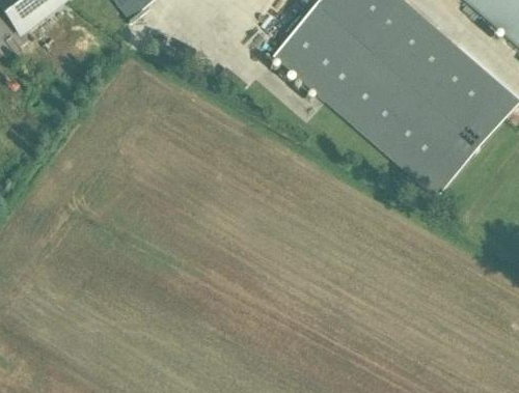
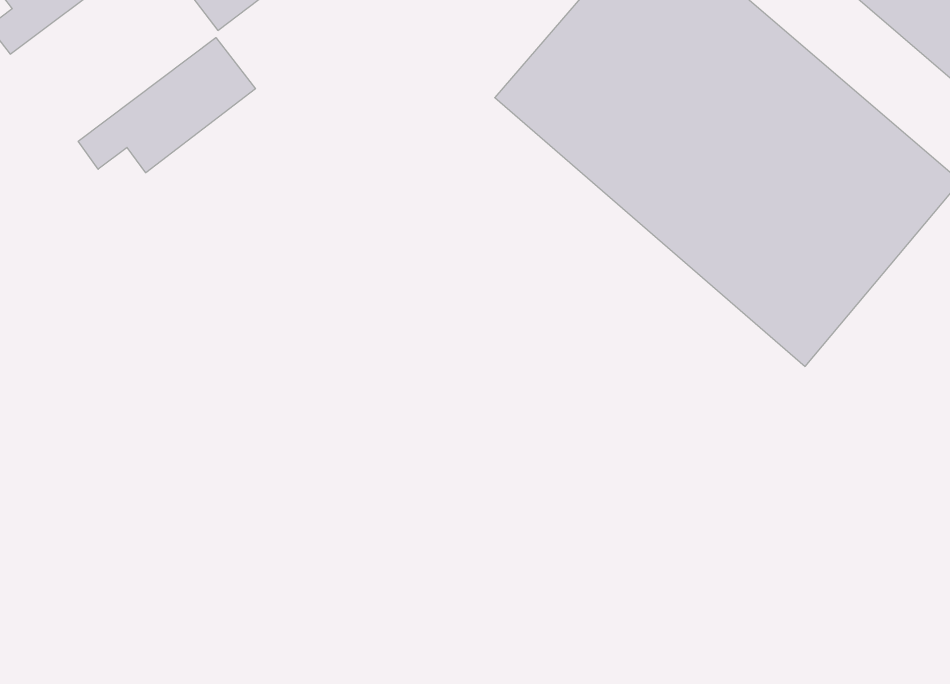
building: none -> [78,38,255,173]

